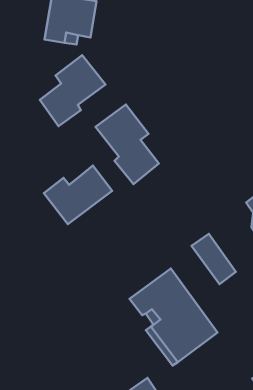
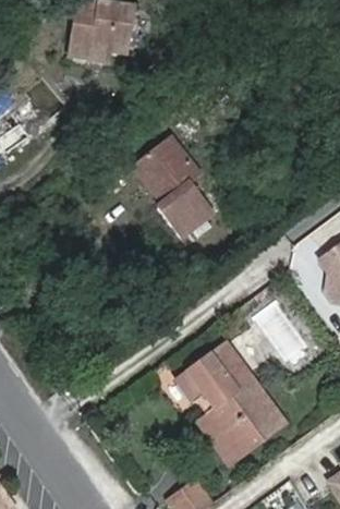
building: [40,55,105,126] -> none
building: [44,165,112,224] -> none

